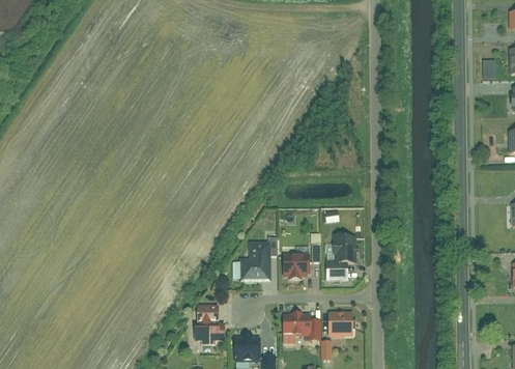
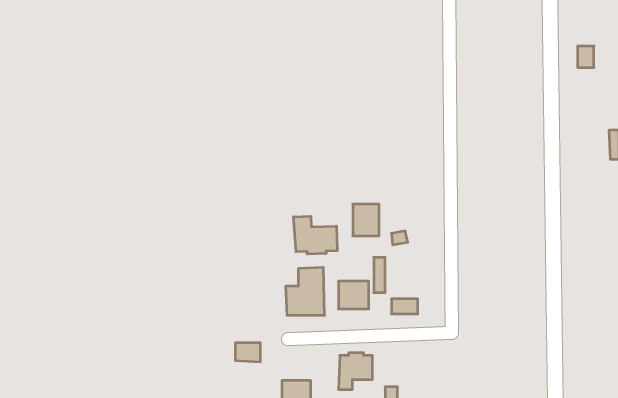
building: none -> [294,216,337,254]
building: [335,236,356,262] -> [353,204,379,236]
building: [328,312,352,337] -> none
building: [195,321,225,345] -> none

